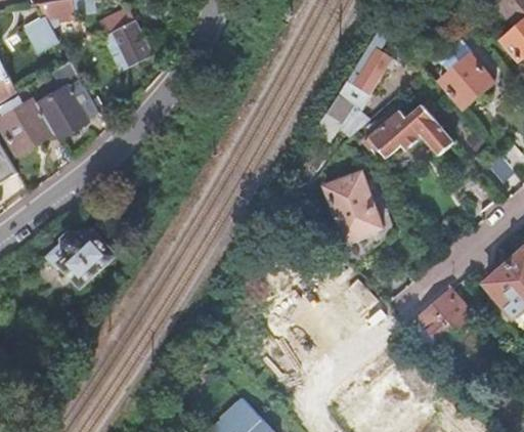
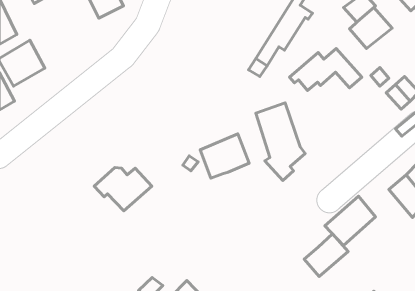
building: [43,76,105,136] -> none
building: none -> [200,134,249,178]
building: [46,230,118,285] -> [94,167,152,211]
building: none -> [304,234,348,276]

